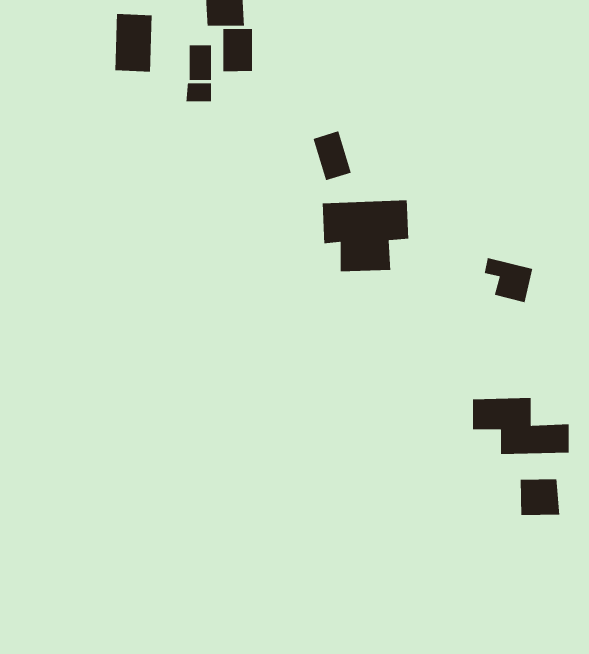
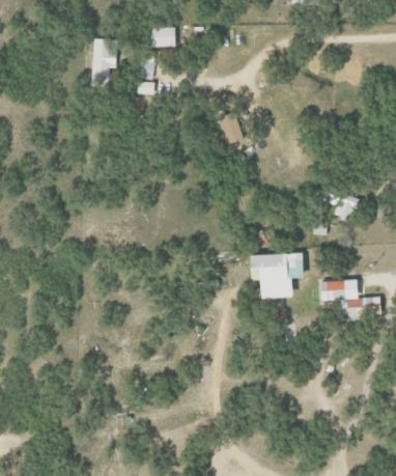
building: [223,28,253,72] -> none
building: [322,200,409,272] -> [248,253,303,299]
building: [520,478,560,516] -> none

